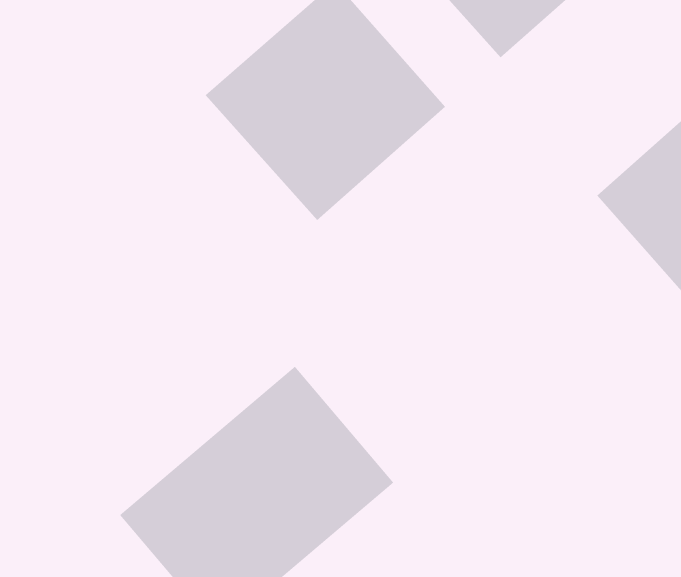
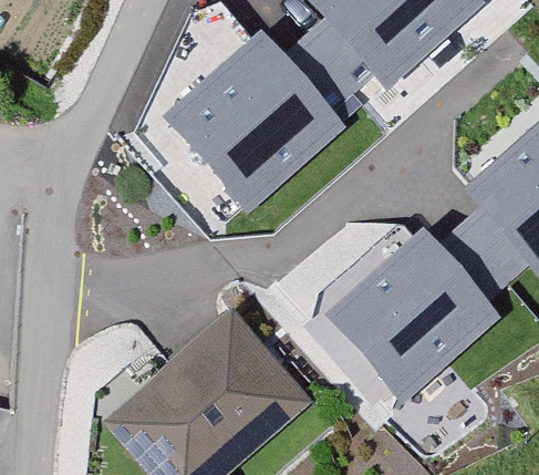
building: none -> [326,226,507,405]

